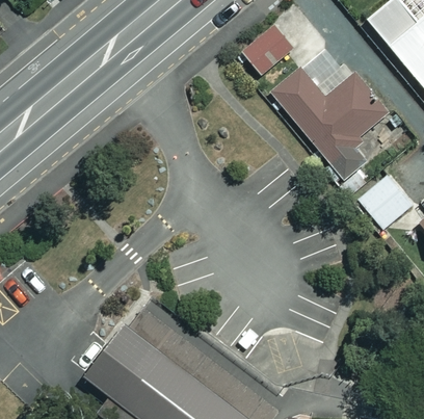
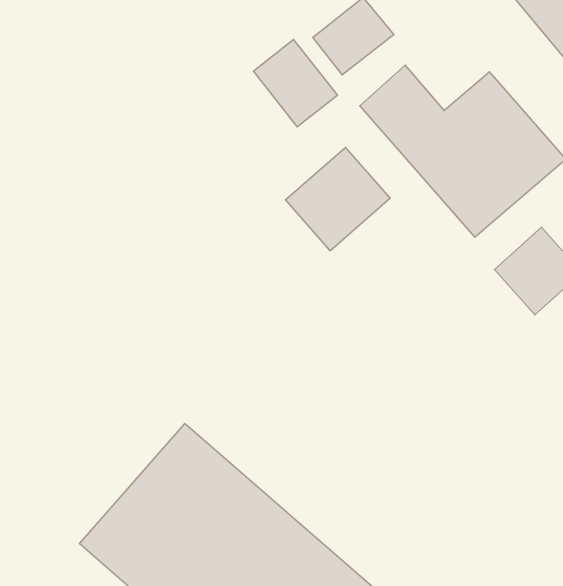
building: none -> [253,39,337,127]
building: none -> [285,147,390,251]

